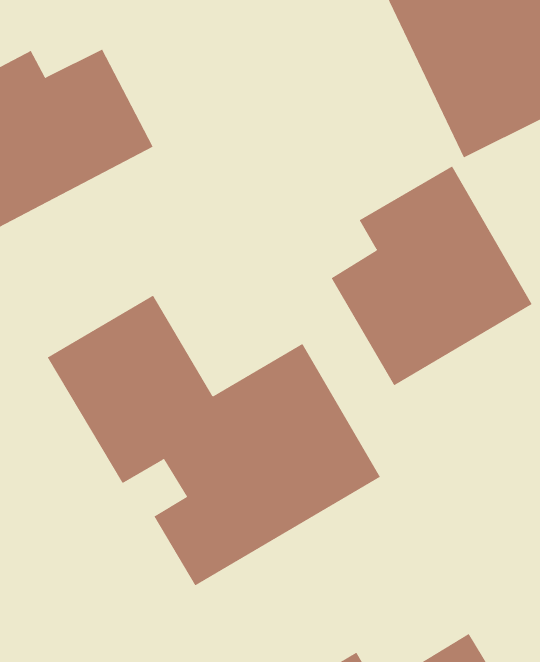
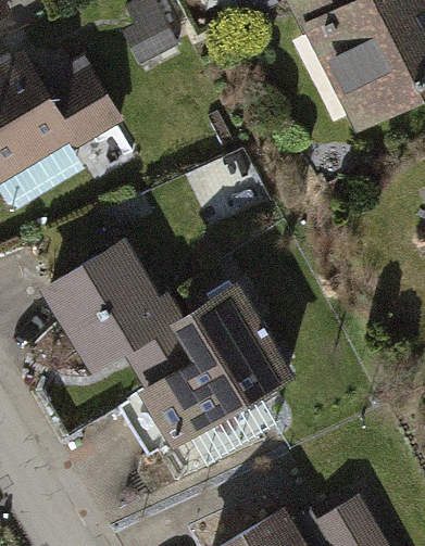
building: [331,165,533,386] -> none

